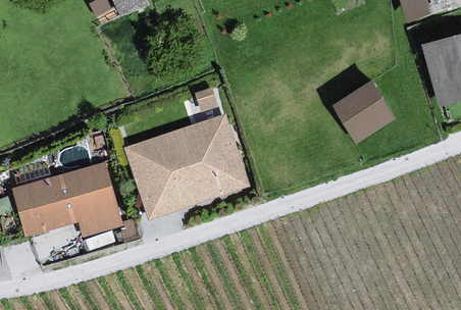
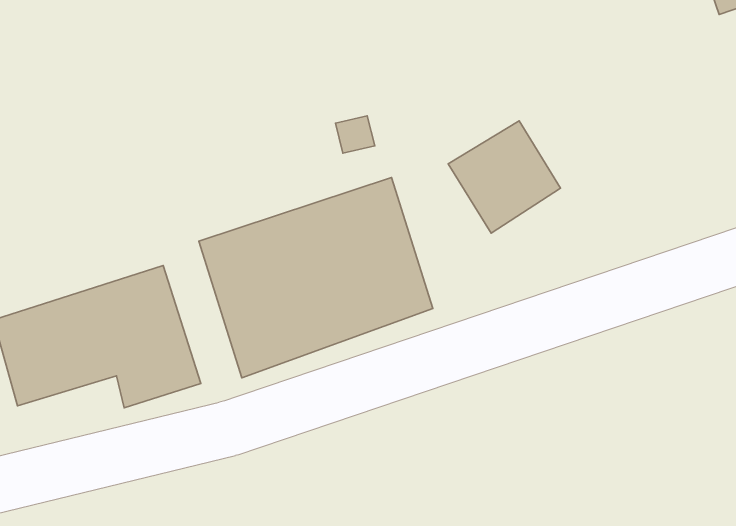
building: [332,81,394,142] -> [448,121,560,233]

